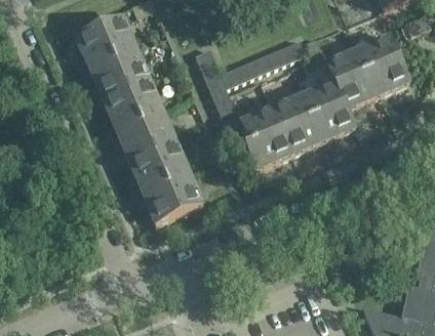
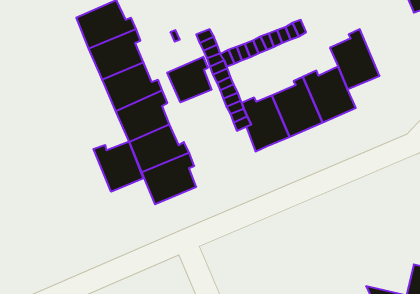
building: [357,41,408,95] -> none
building: none -> [167,57,212,102]
building: none -> [93,142,143,192]

